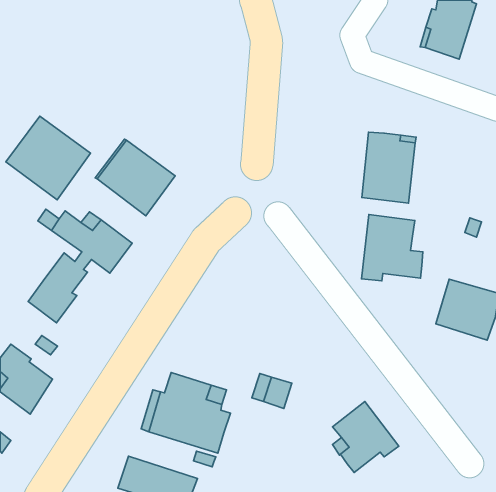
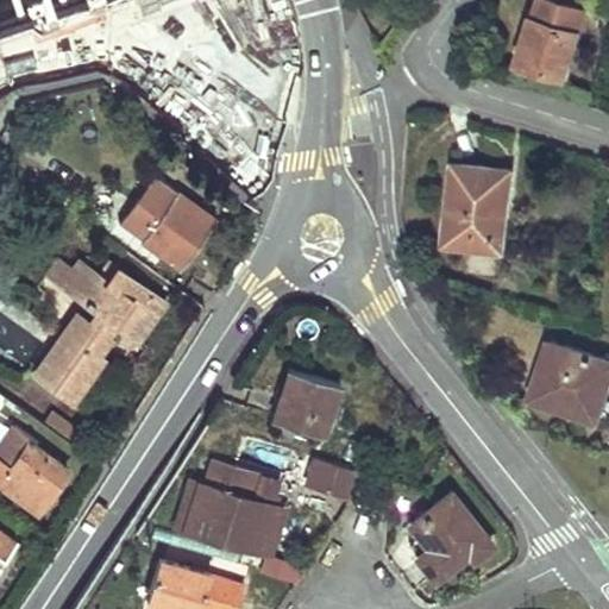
building: [6,116,90,200] -> none
building: [361,214,423,281] -> none
building: none -> [272,372,338,439]

